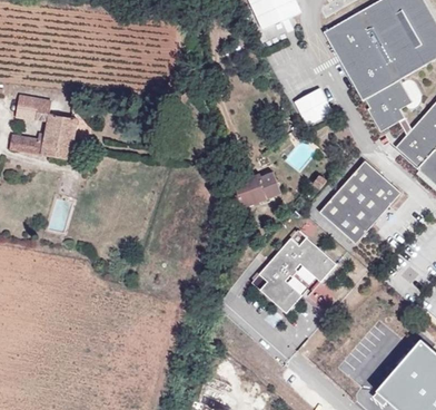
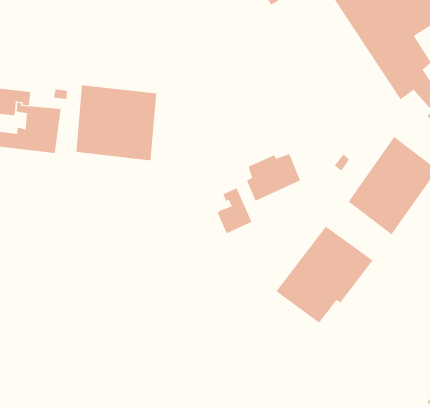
building: [294,86,333,124] -> none
building: none -> [76,84,157,161]
building: none -> [217,187,252,234]

